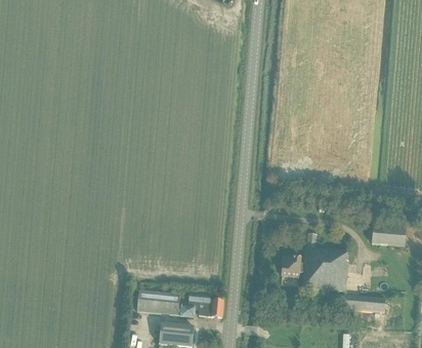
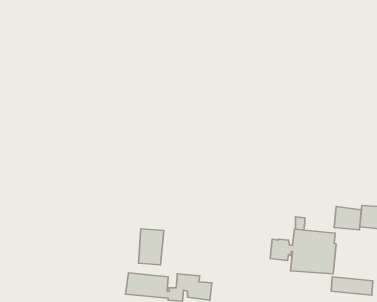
building: none -> [334,206,361,230]
building: none -> [139,229,164,265]

